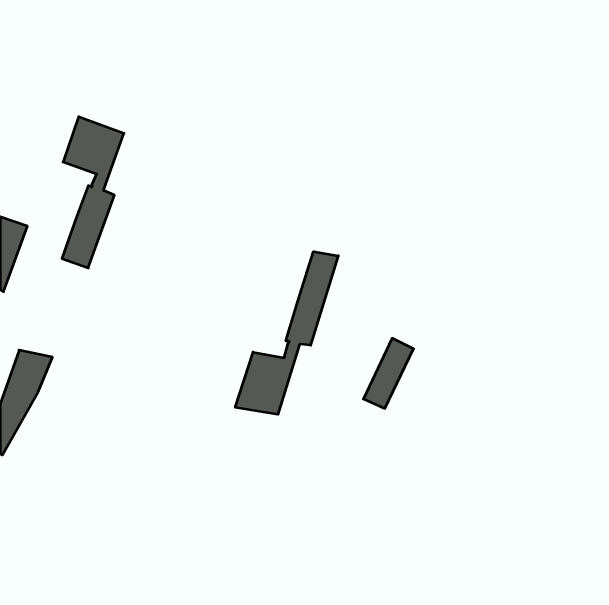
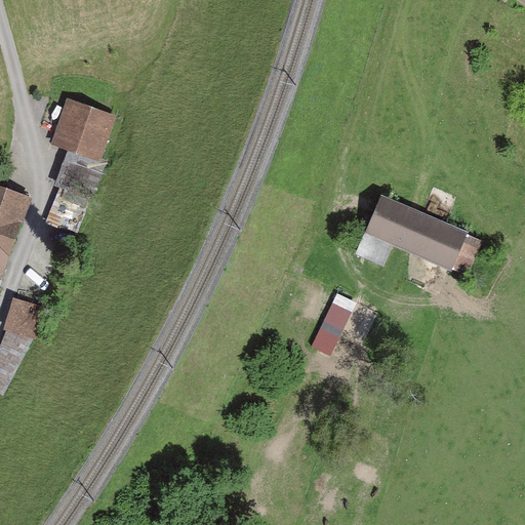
building: none -> [354,196,477,271]
building: [235,252,338,414] -> none

